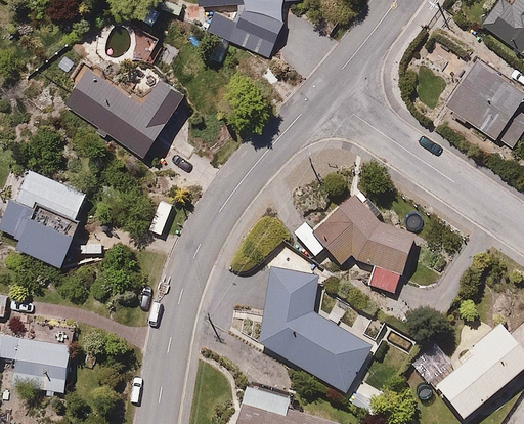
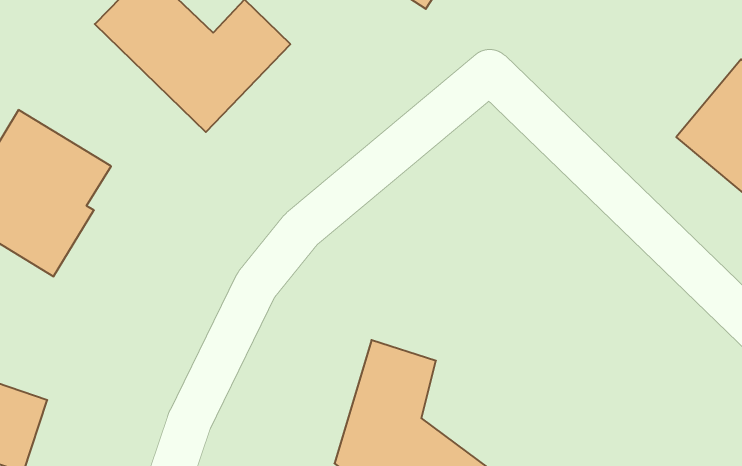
building: [312,197,413,292] -> none

